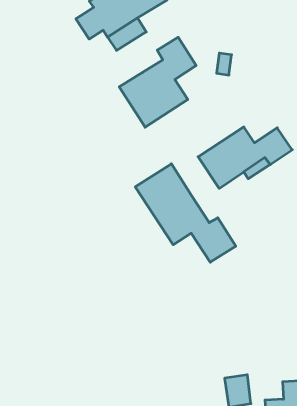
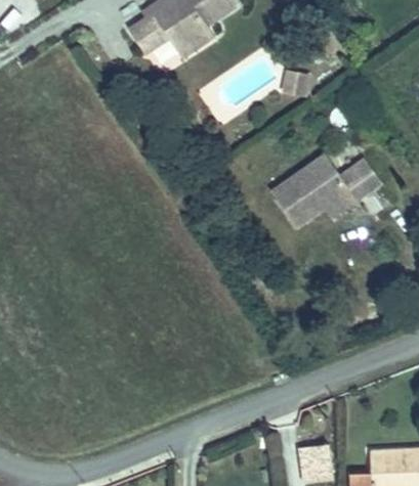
building: [119,37,196,127] -> none
building: [135,164,236,262] -> none

